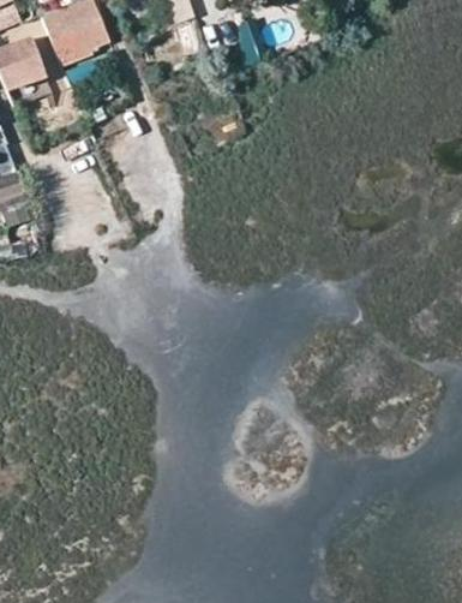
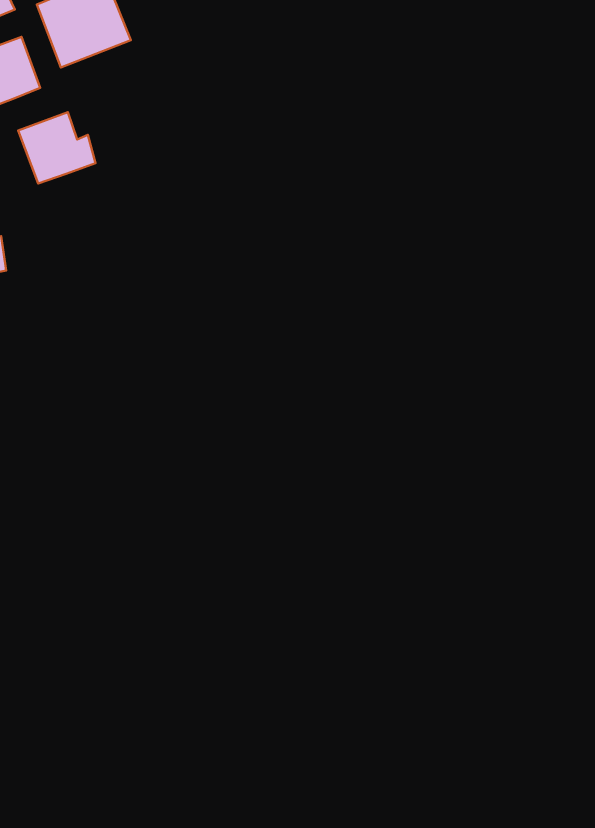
building: none -> [18,112,96,184]

